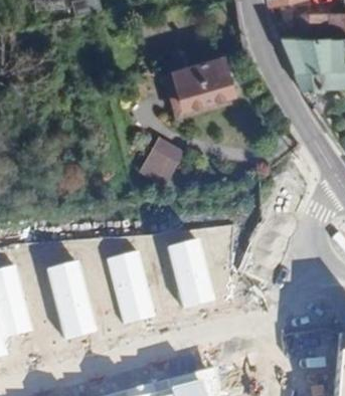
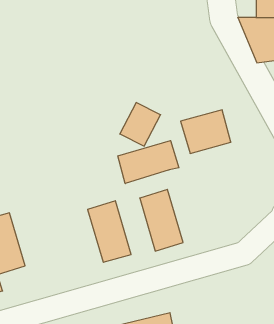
building: [176,56,234,107] -> [181,110,231,153]
building: none -> [118,141,179,184]
building: [46,261,99,342] -> none

